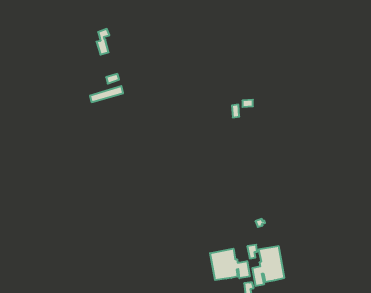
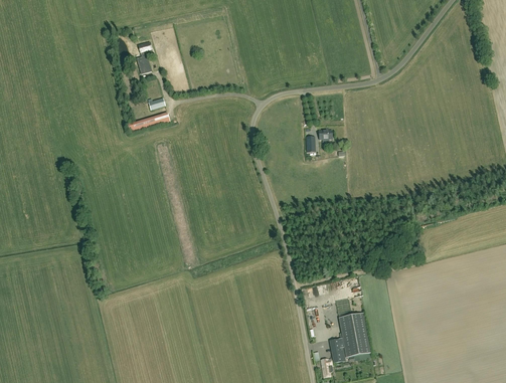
building: [210,249,250,280] -> none

